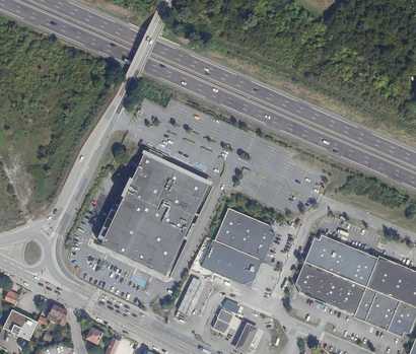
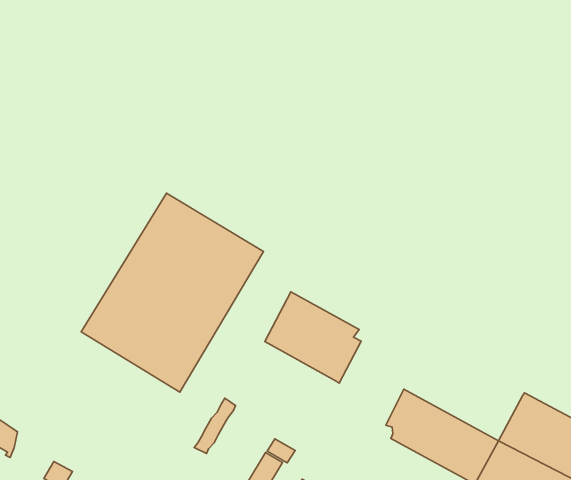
building: [304,234,378,287] -> none
building: [202,238,262,284] -> none

